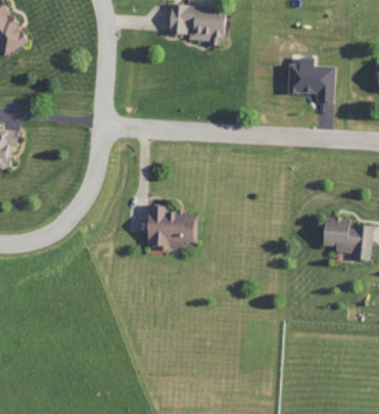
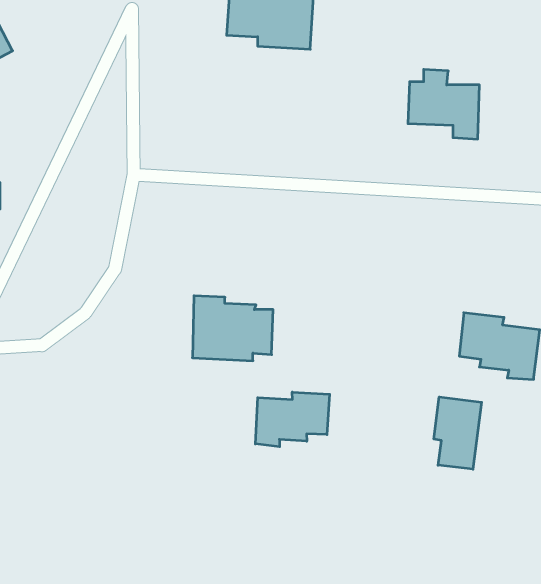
building: none -> [255,392,330,447]
building: none -> [434,397,482,469]

